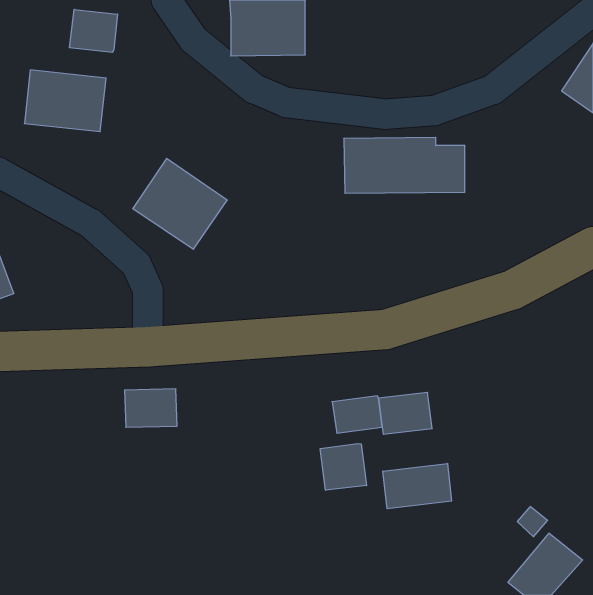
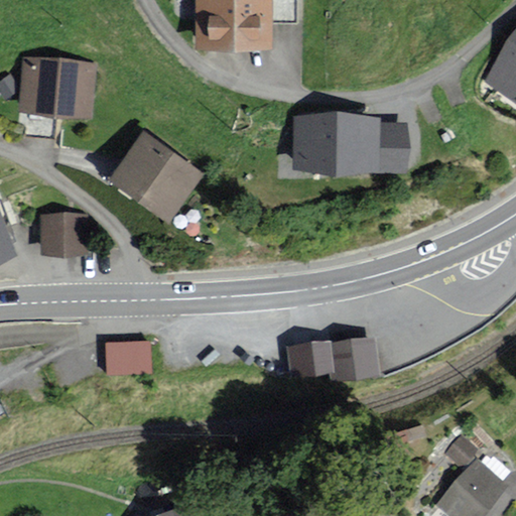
building: [70,9,117,52] -> none
building: none -> [41,218,83,252]
building: [320,444,367,490] -> none
building: [383,463,452,509] -> none

